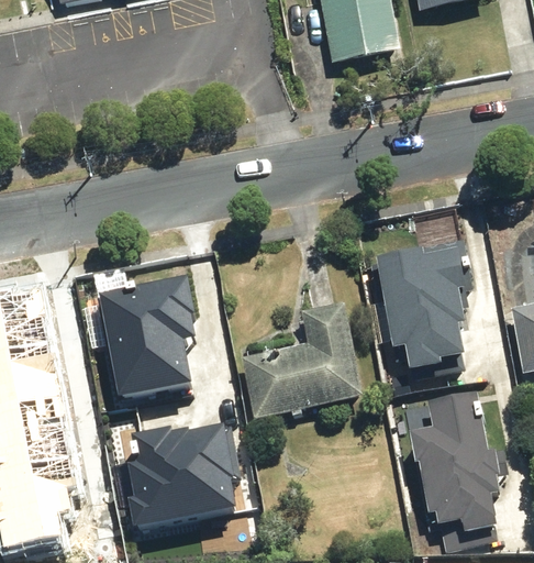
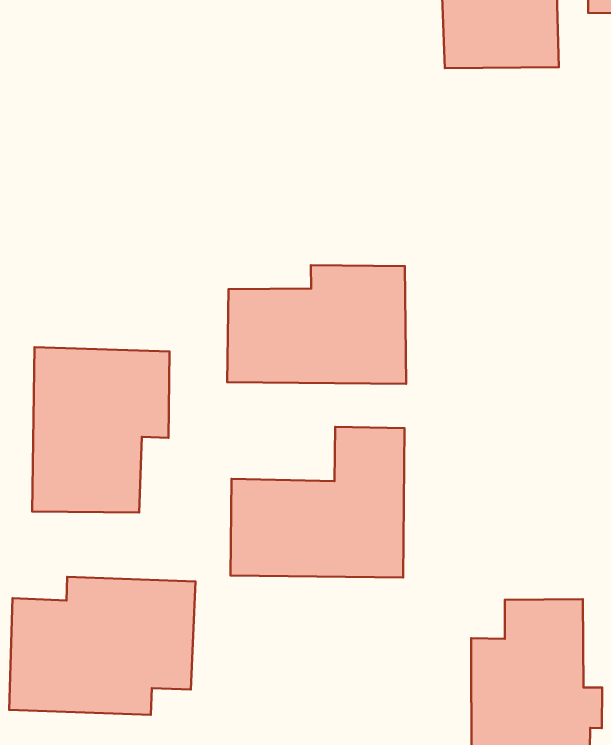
building: none -> [227,265,406,384]
building: [379,240,472,374] -> none

